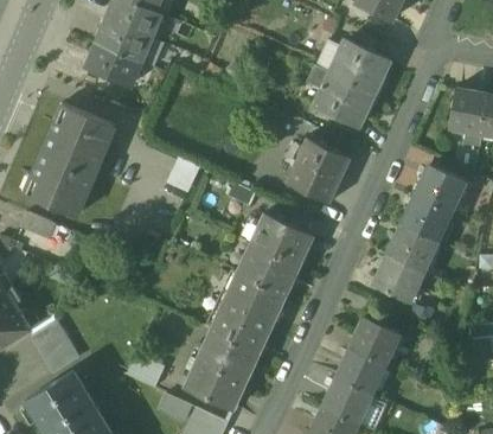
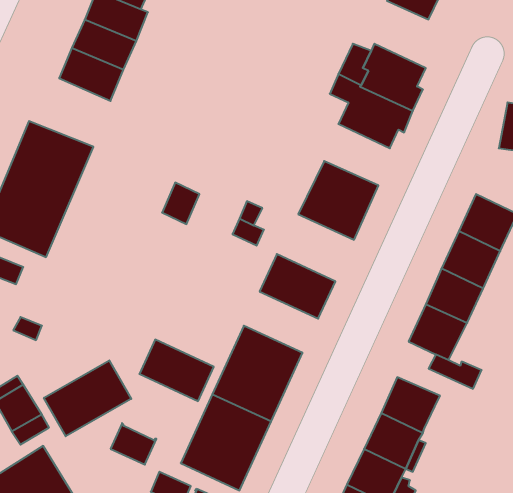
building: [238,244,300,295] -> [139,340,214,401]
building: none -> [44,360,131,436]

